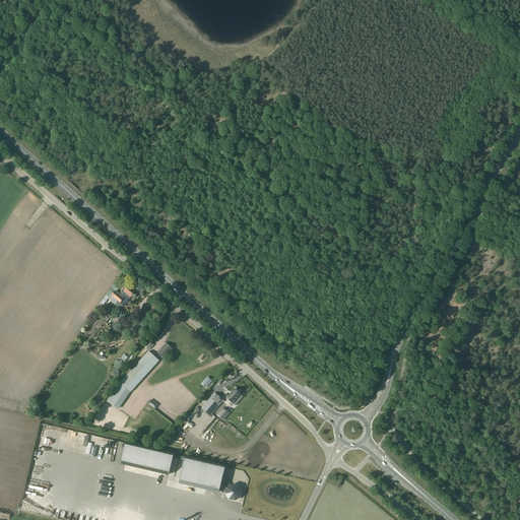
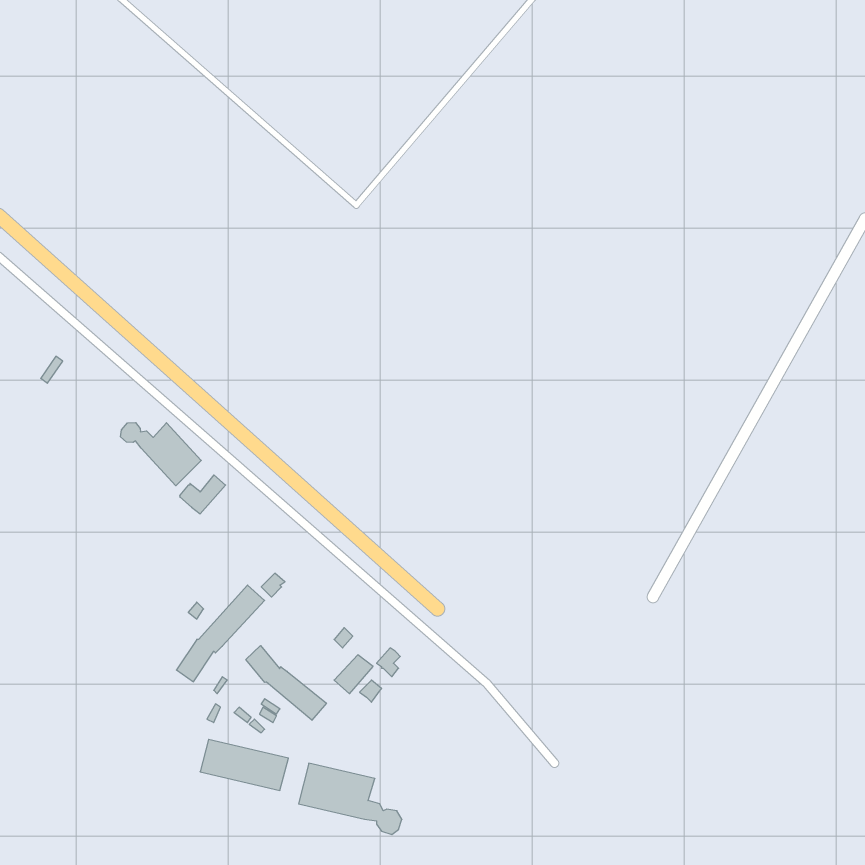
building: none -> [120,423,201,486]
building: none -> [246,646,326,720]

